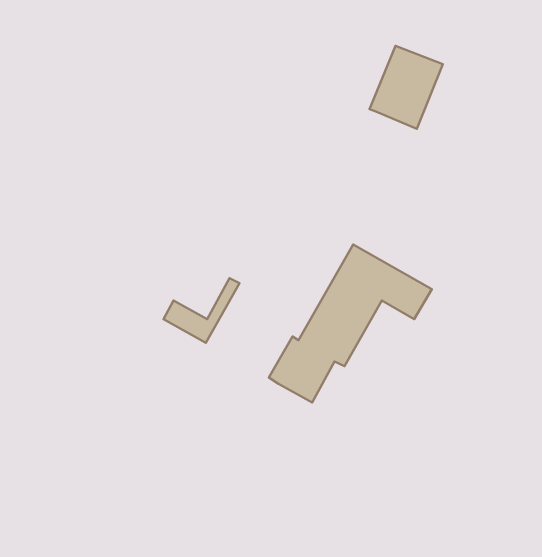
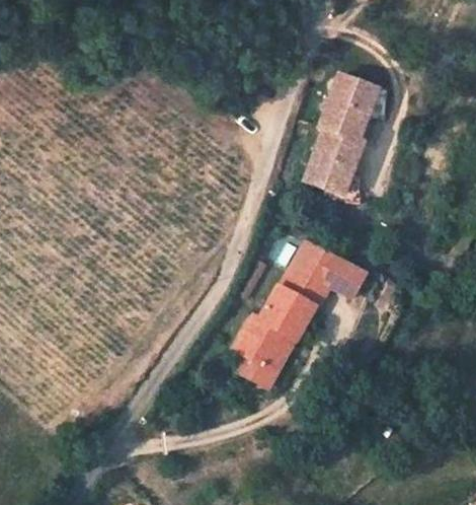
building: none -> [303,130,362,197]
building: [164,278,240,343] -> [236,334,298,386]

